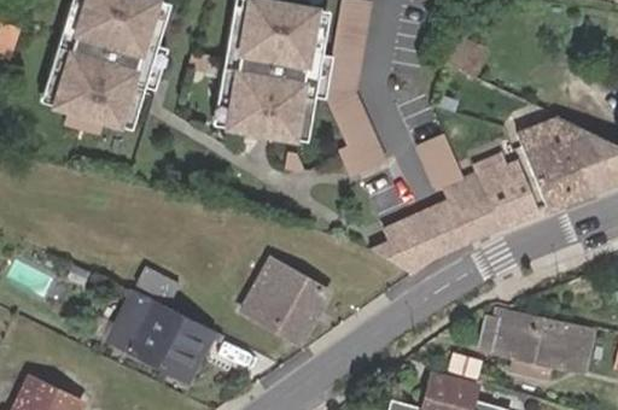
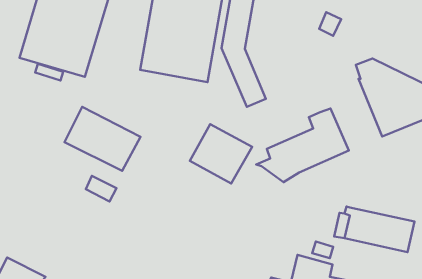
building: [421,137,461,188] -> none
building: [472,156,538,230] -> none
building: [244,259,330,341] -> [190,124,252,184]
building: [107,292,212,380] -> [65,107,141,171]

